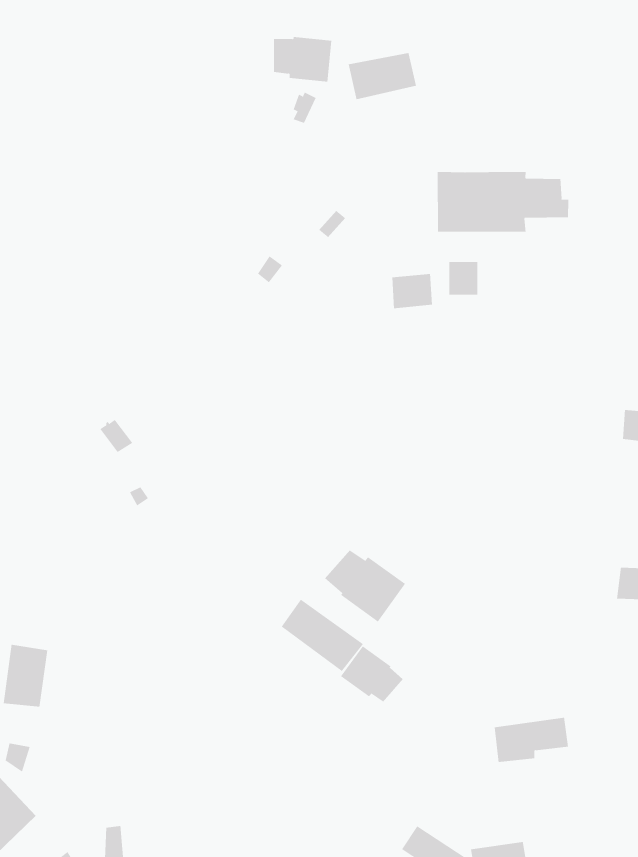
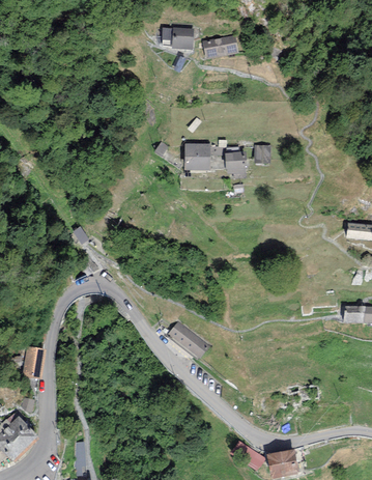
building: [437,171,569,233] -> none
building: none -> [184,143,210,169]
building: [324,549,406,622] -> none
building: [340,645,404,702] -> none

